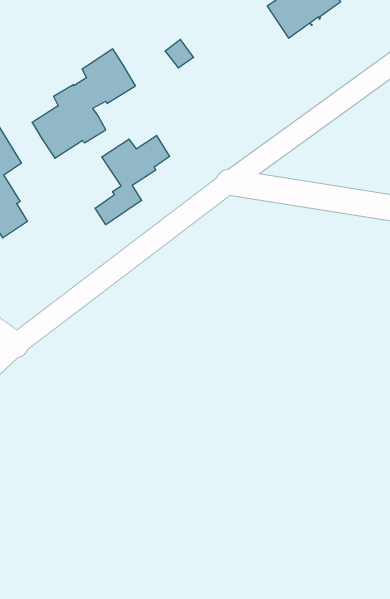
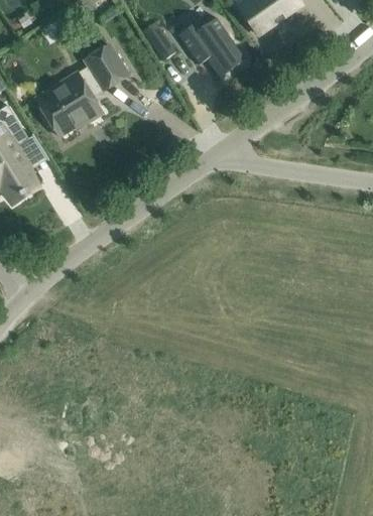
building: none -> [177,16,245,77]
building: [95,135,170,225] -> none

